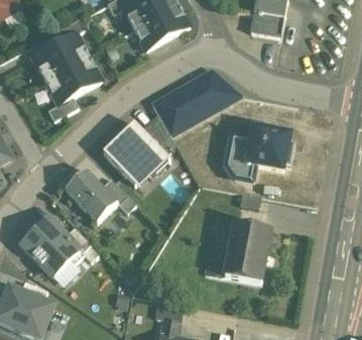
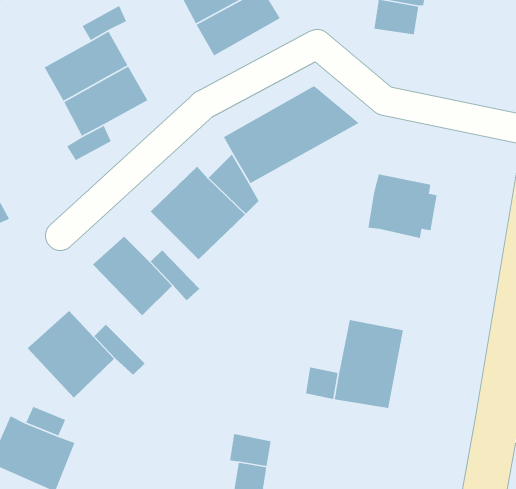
building: [226,136,255,182] -> none

